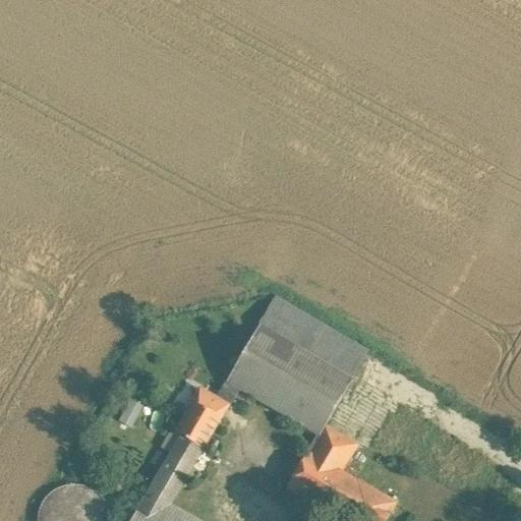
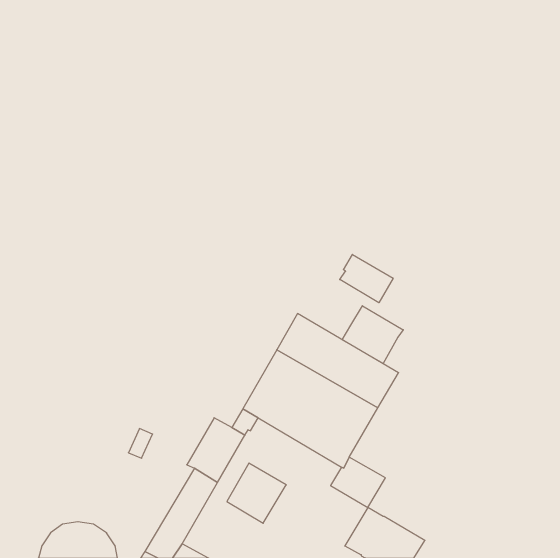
building: none -> [340,254,393,303]
building: none -> [342,306,403,364]
building: [286,451,341,507] -> [227,463,286,523]

